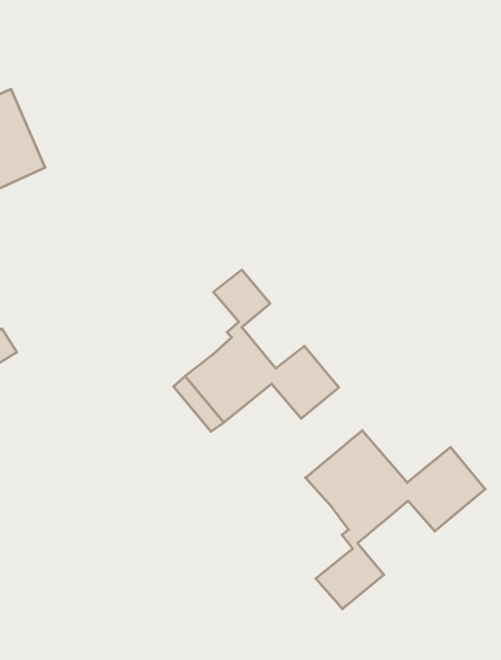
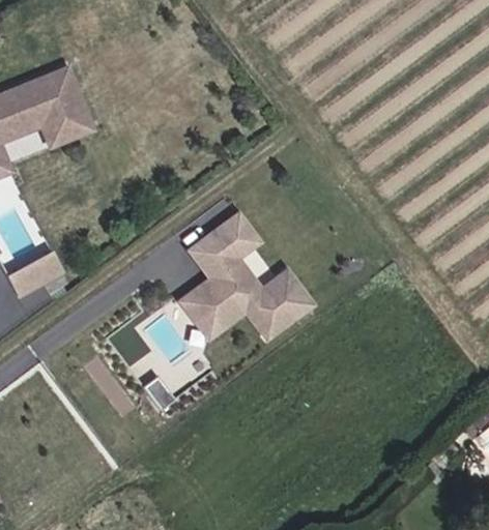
building: none -> [191,233,233,281]
building: [305,430,485,609] -> none

